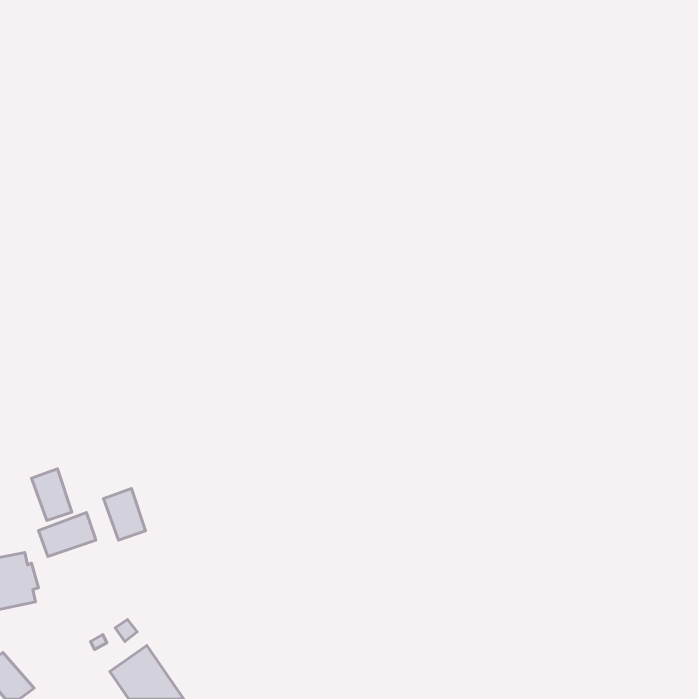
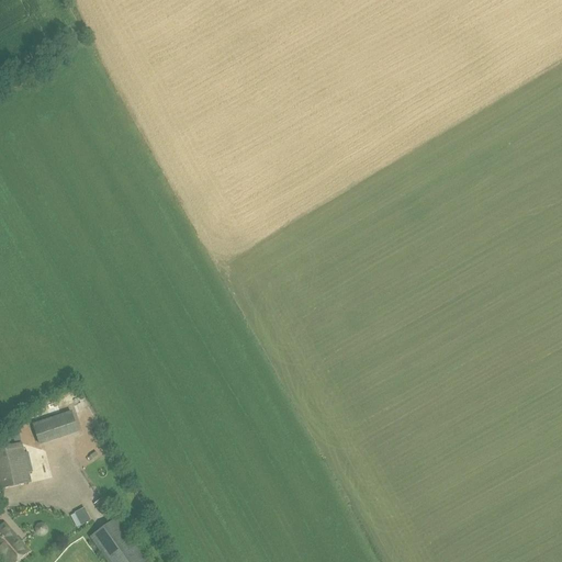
building: [31,469,72,521] -> none
building: [103,489,146,540] -> none

